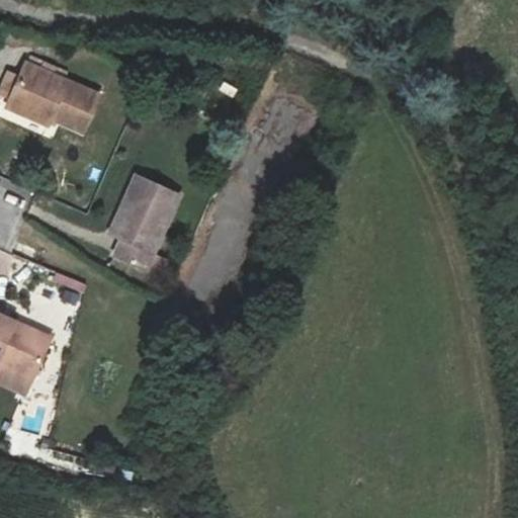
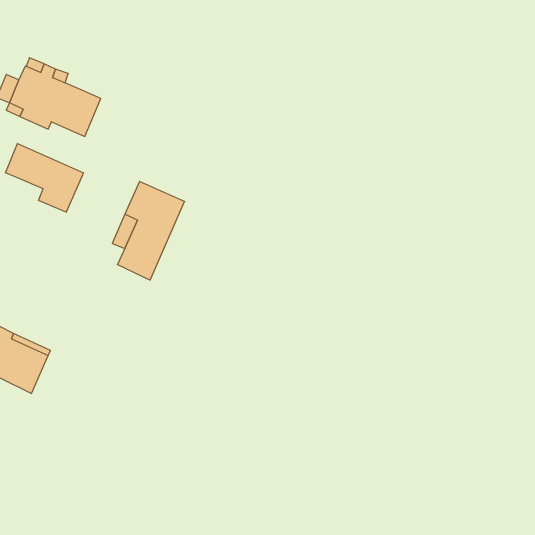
building: none -> [6,143,84,212]

